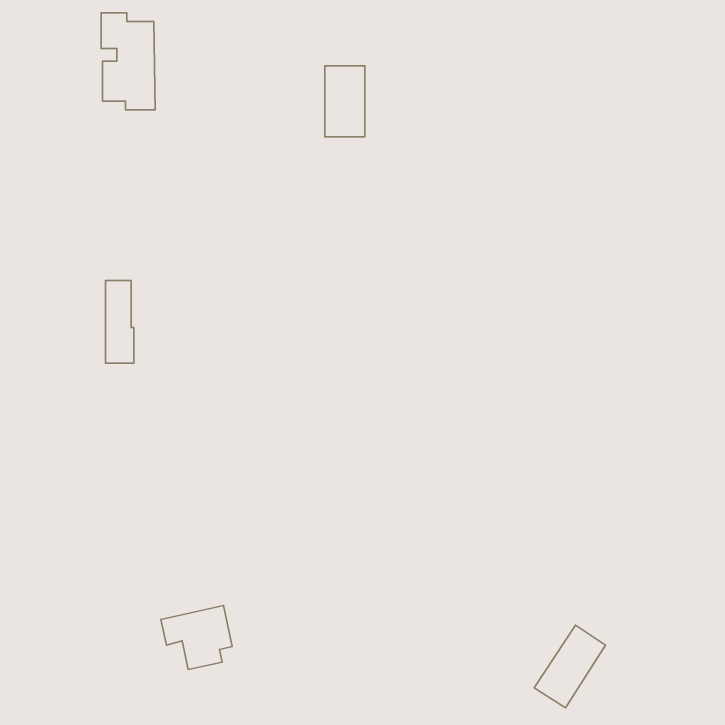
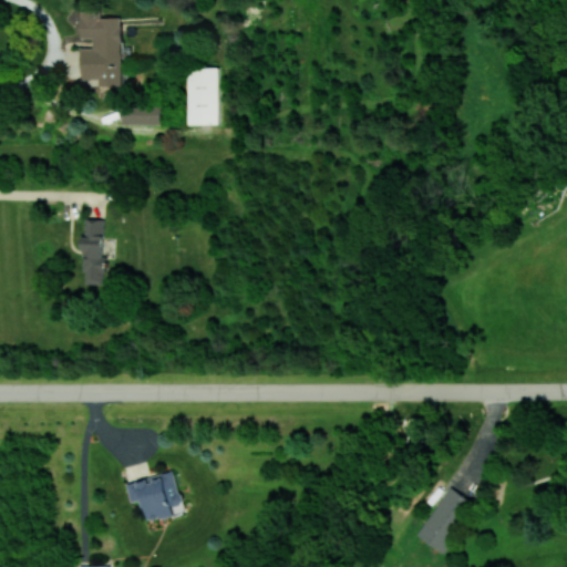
building: [325,66,365,137] -> [187,71,218,126]
building: none -> [121,105,161,126]

